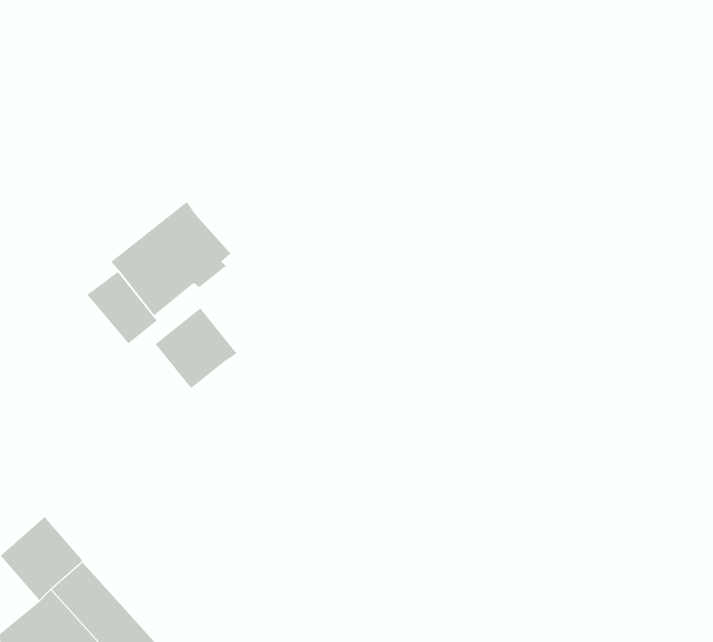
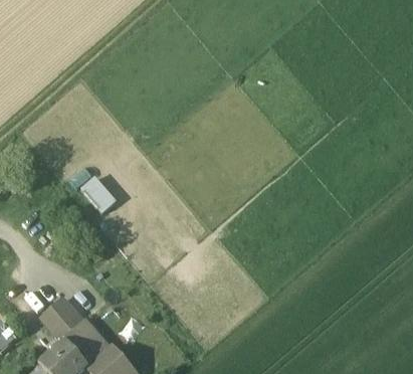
building: [111,201,231,316] -> none
building: [155,307,237,388] -> none

